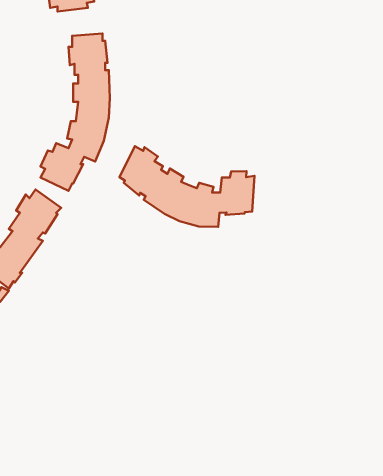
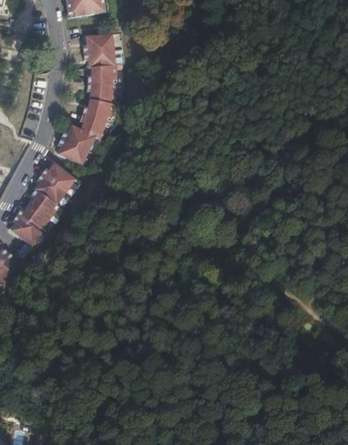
building: [119,146,255,227] -> none

